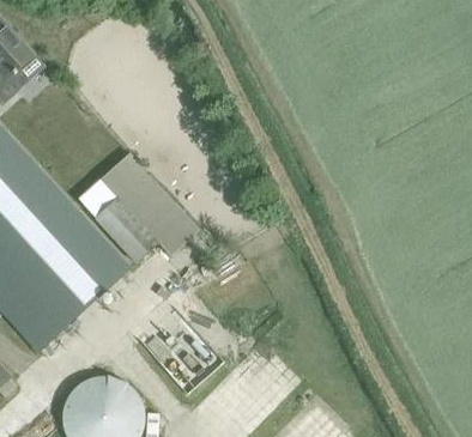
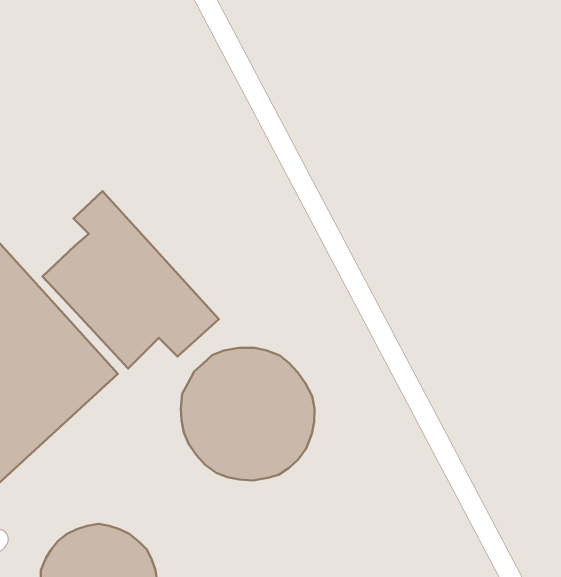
building: none -> [181,348,314,480]

